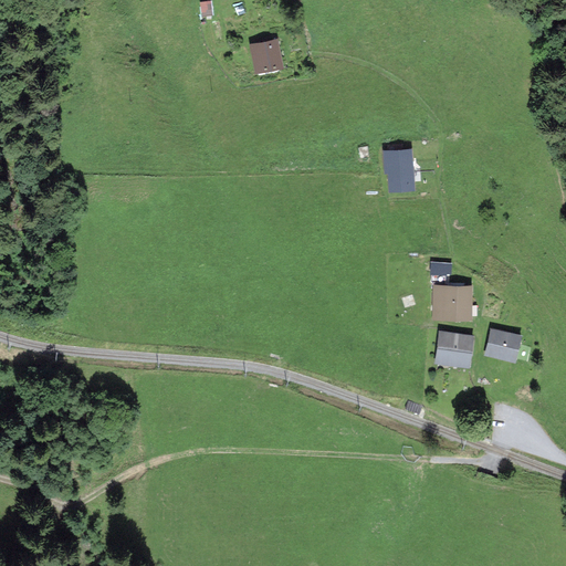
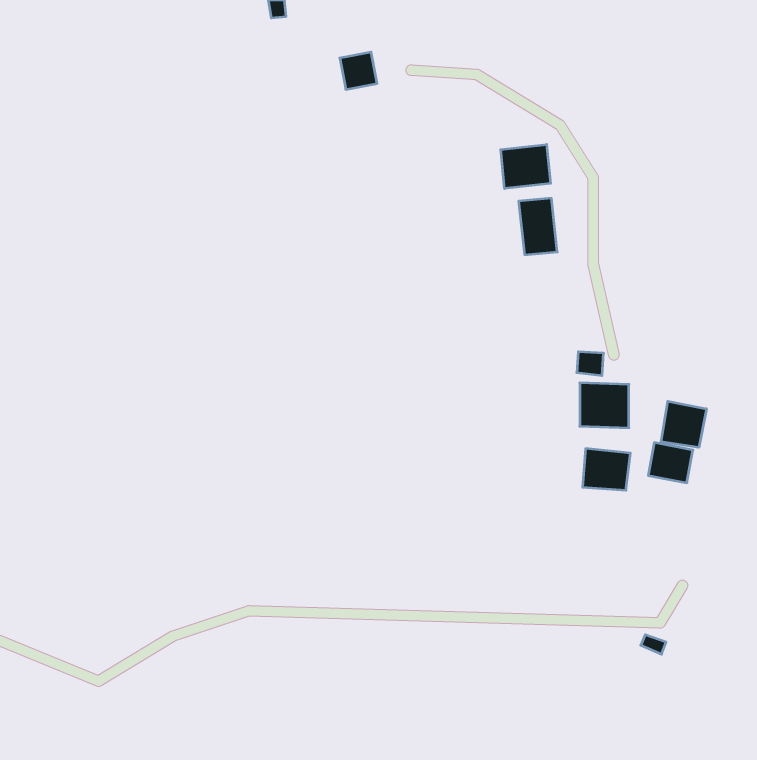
building: none -> [501,144,551,189]
building: none -> [661,401,706,447]

